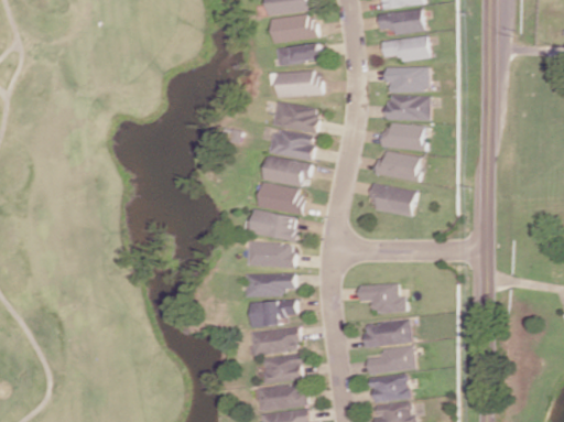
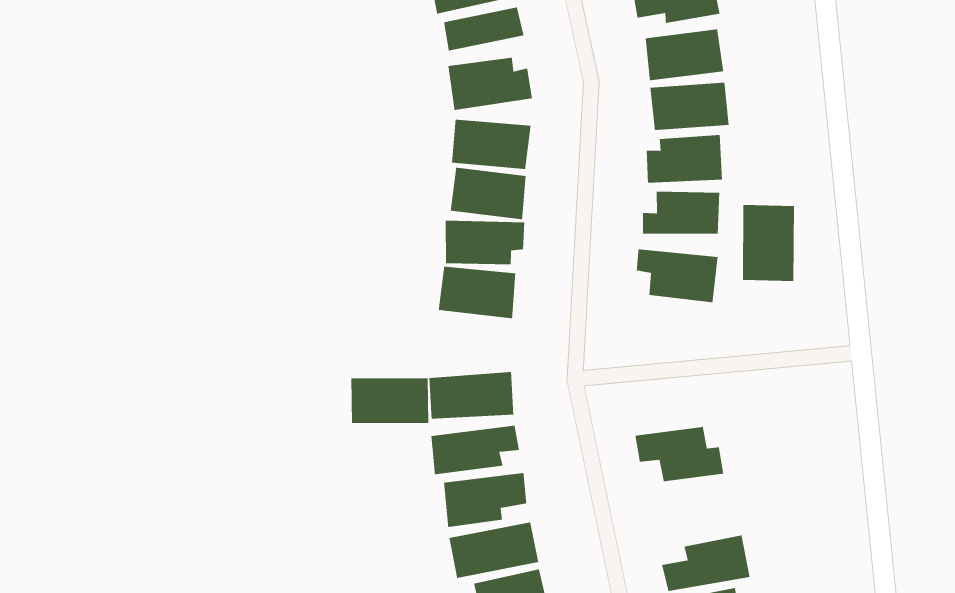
building: none -> [742,204,795,282]
building: [250,210,295,240] -> [351,378,429,424]
building: [361,318,411,347] -> none

